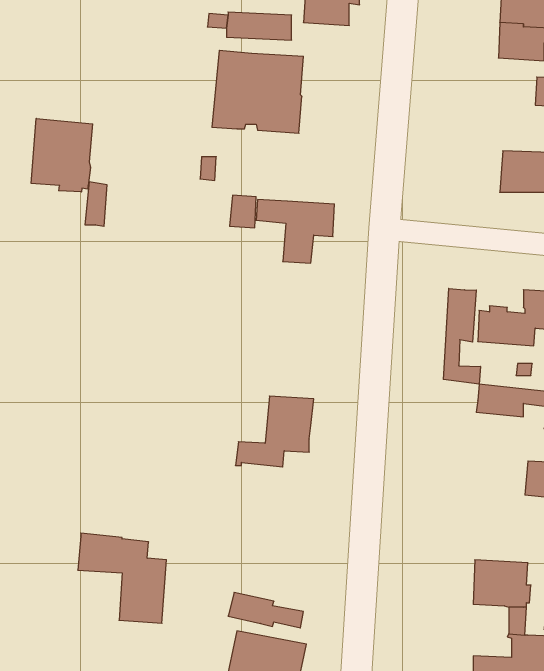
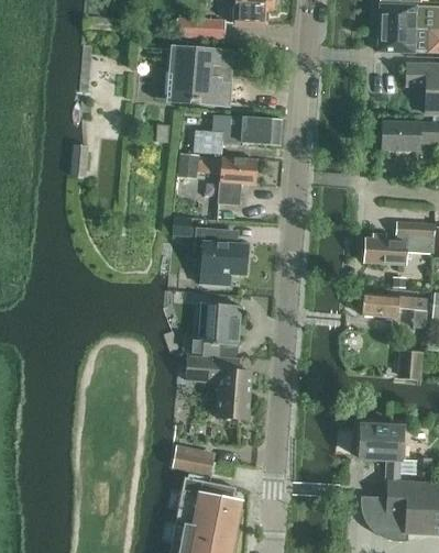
building: [31,118,93,192] -> none
building: none -> [184,114,283,153]
building: none -> [174,215,249,286]
building: [443,288,480,384] -> none
building: [78,533,166,623] -> [186,352,252,419]

